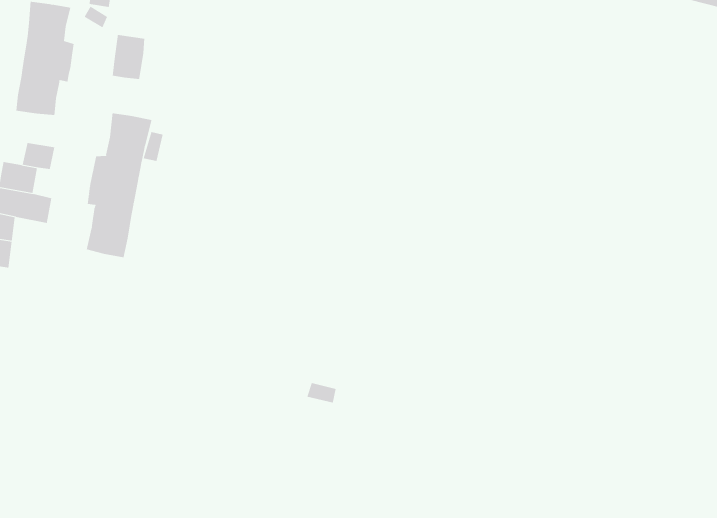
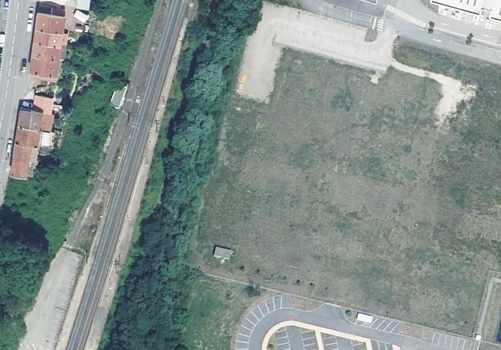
building: [112,34,145,80] -> none
building: [86,112,152,258] -> none

